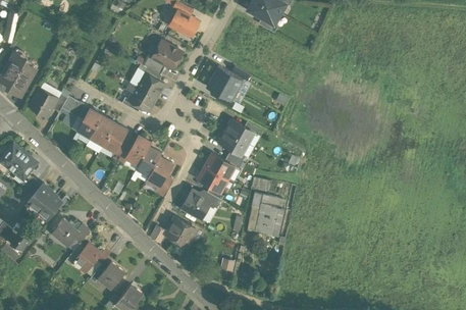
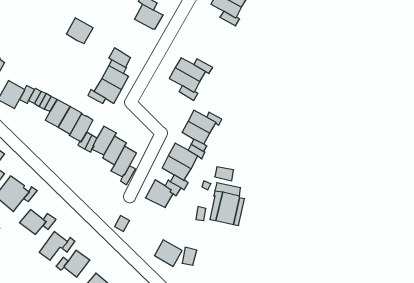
building: [155,41,183,67] -> [66,18,93,44]
building: [167,218,196,246] -> [154,240,182,266]

